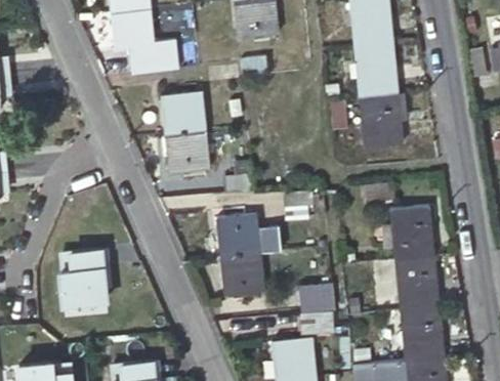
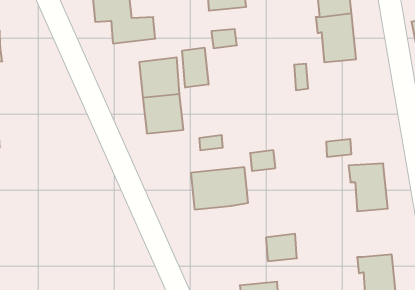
building: none -> [182,48,208,88]
building: [359,93,402,147] -> none
building: [57,247,109,305] -> none
building: [221,253,265,295] -> none
building: [393,256,436,309] -> none

